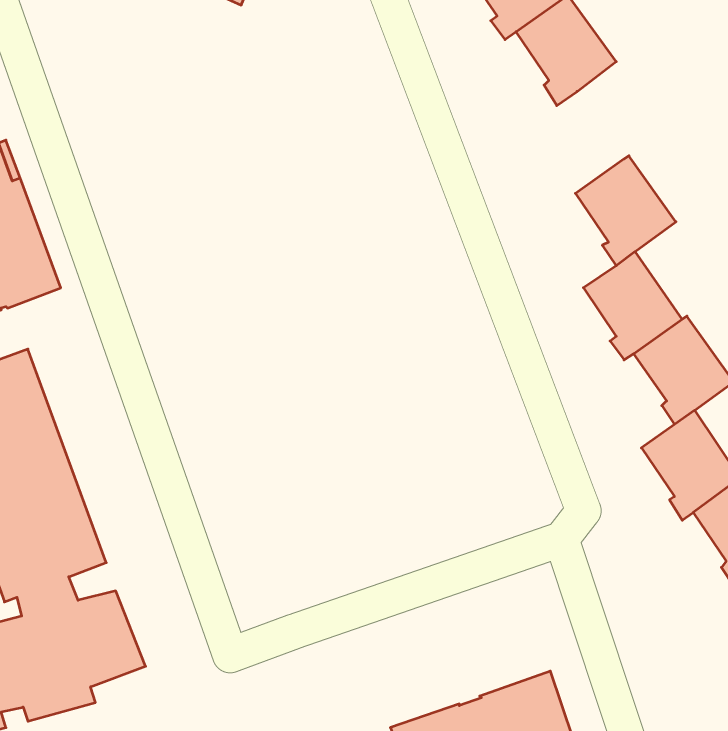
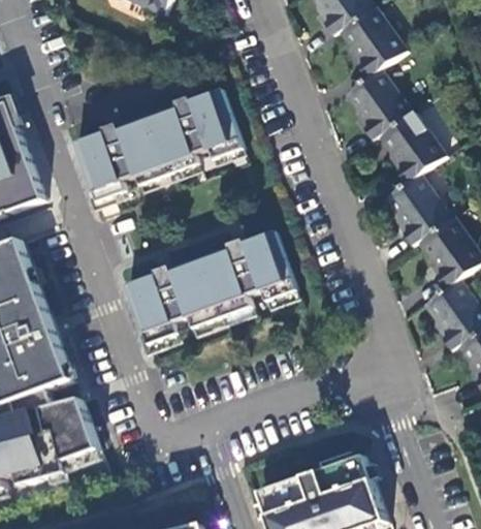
building: none -> [346,69,412,141]
building: none -> [70,86,238,199]
building: none -> [122,227,292,342]

